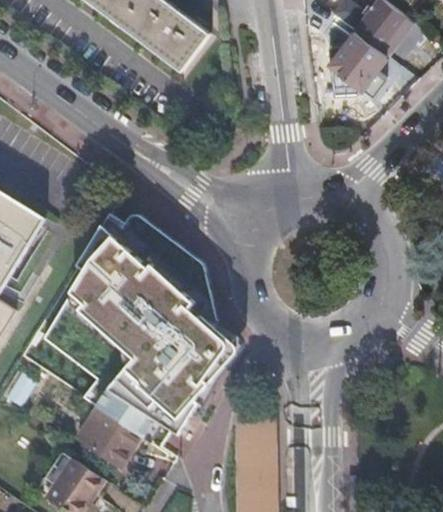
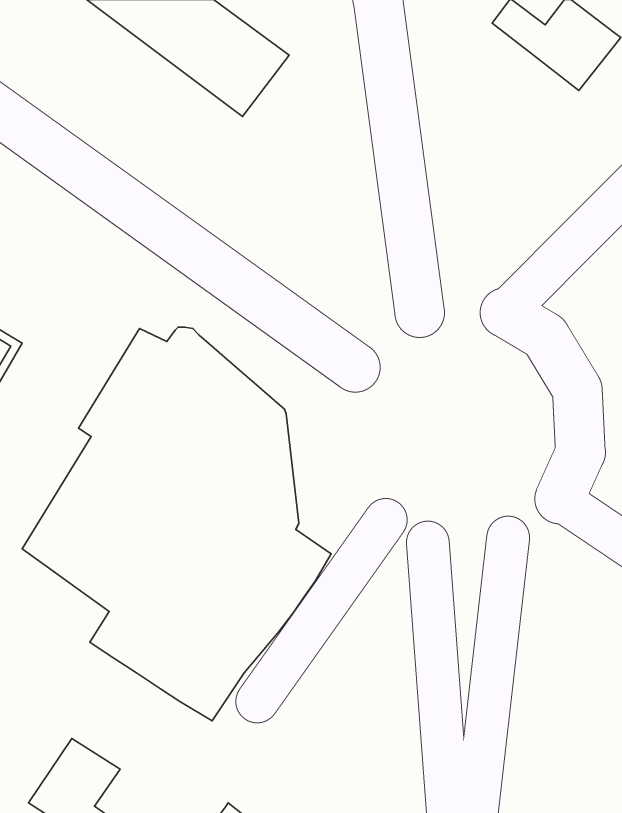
building: [331,32,390,98] -> none
building: [79,408,142,467] -> none

